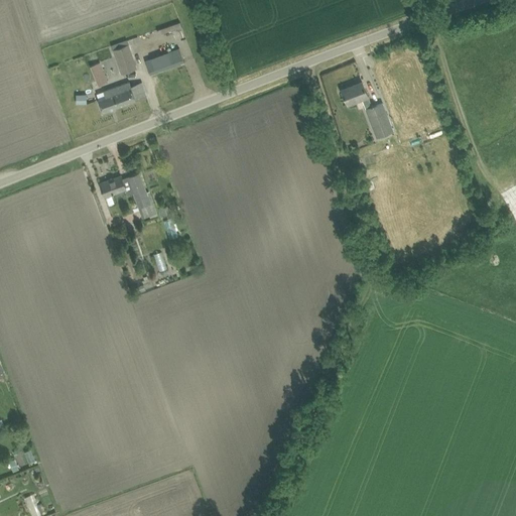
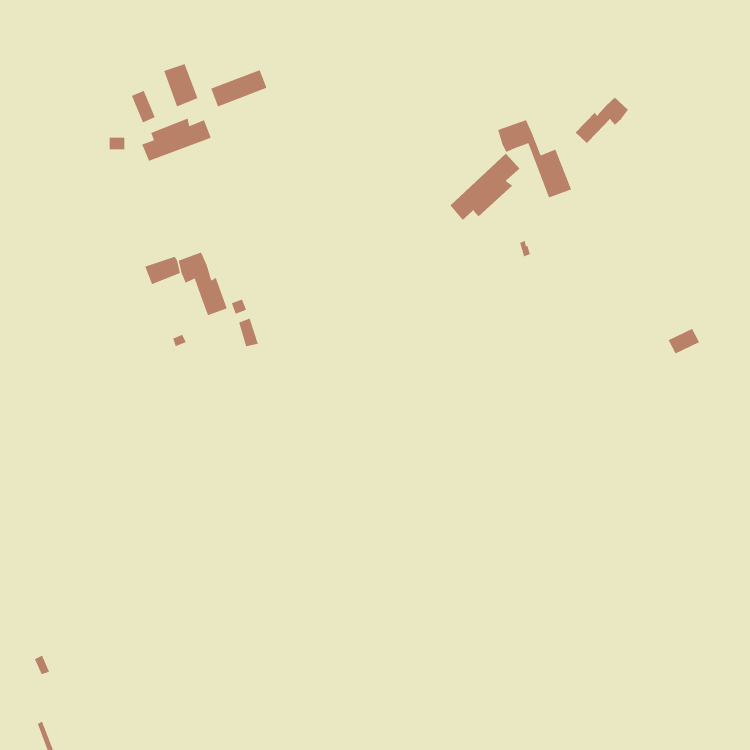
building: none -> [575,97,629,144]
building: none -> [450,153,520,221]

